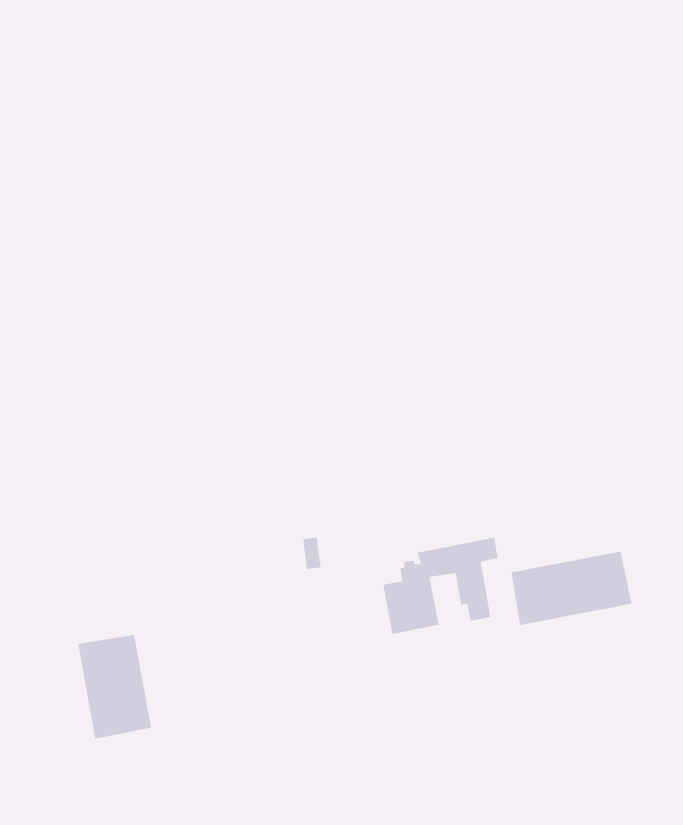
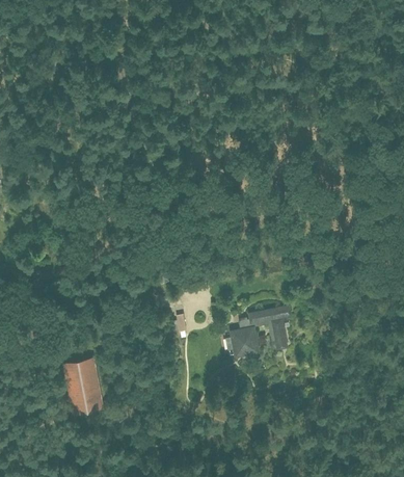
building: [511,551,632,626] -> none

